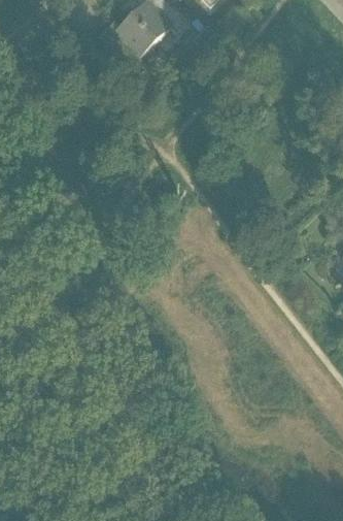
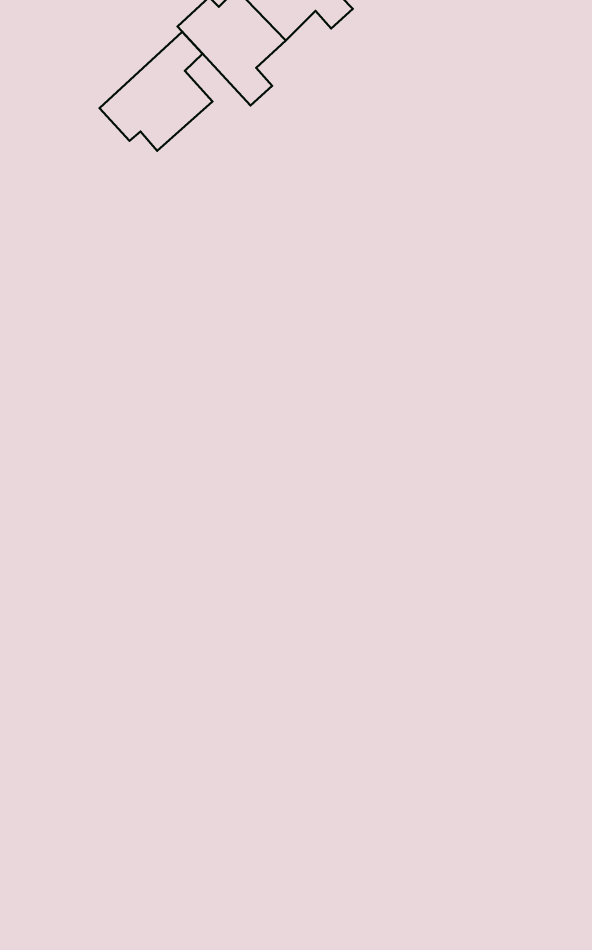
building: none -> [100,32,213,151]

